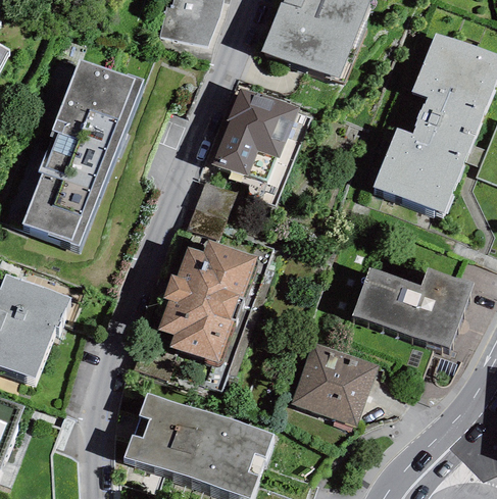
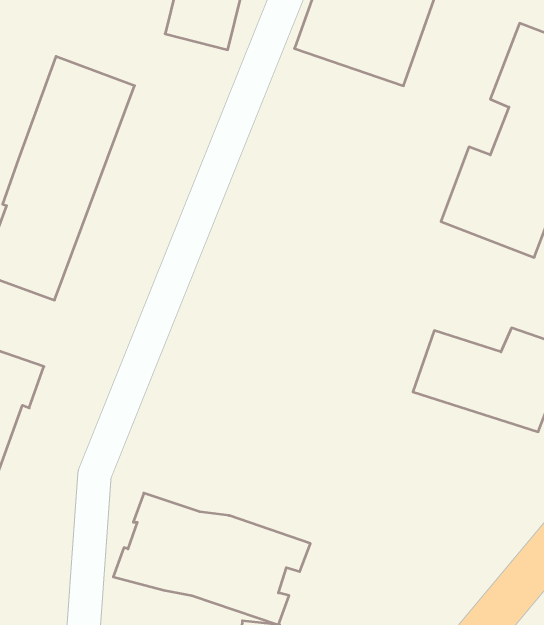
building: [212,87,299,184] -> none
building: [158,239,256,362] -> none
building: [292,343,378,427] -> none

